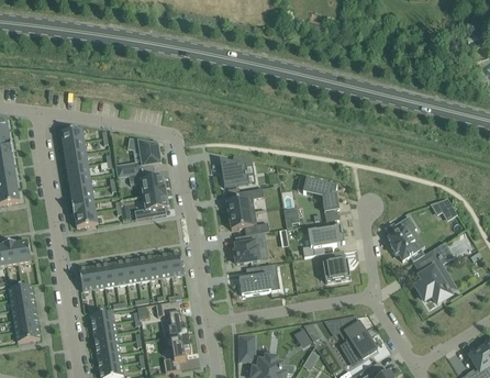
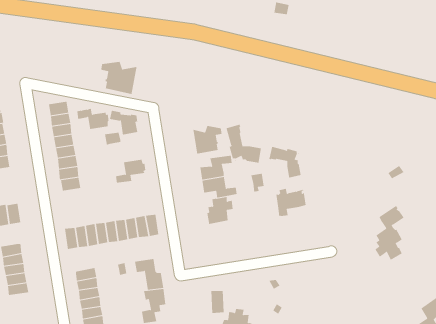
building: none -> [101,61,137,95]
building: none -> [226,124,262,164]
building: [129,171,165,194] -> [77,108,110,129]
building: [388,215,424,260] -> none
building: [315,249,349,281] -> none
building: [238,263,277,294] -> none
building: [325,316,377,359] -> none

